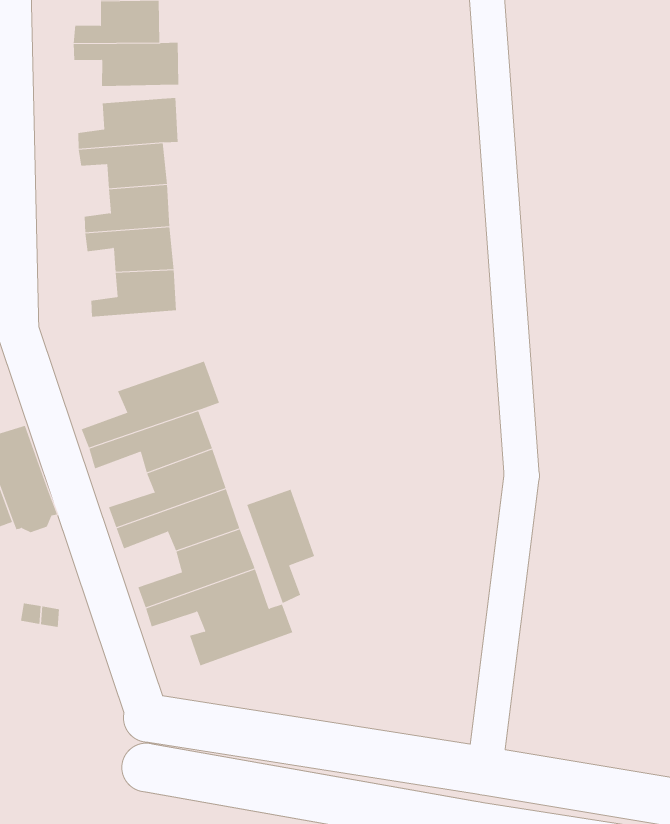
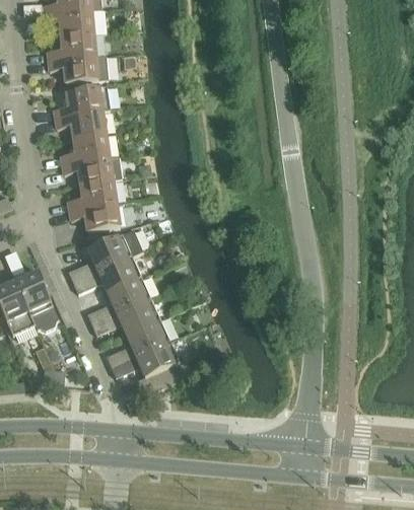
building: none -> [69,202,120,230]
building: [247,489,315,604] -> none

